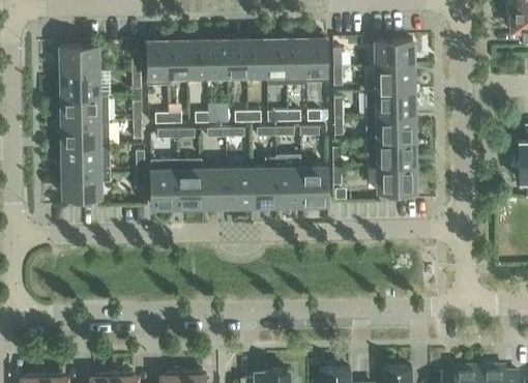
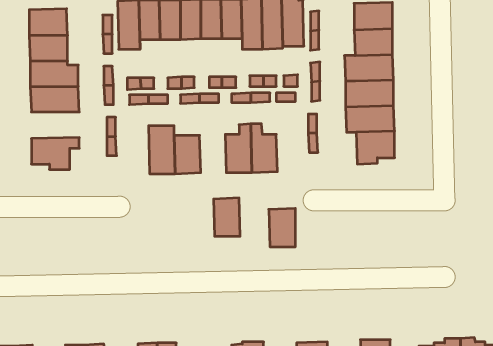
building: [62,146,109,172] -> none
building: [150,159,177,207] -> none
building: [300,167,326,204] -> [269,208,295,247]
building: [226,168,252,205] -> [214,198,240,236]

